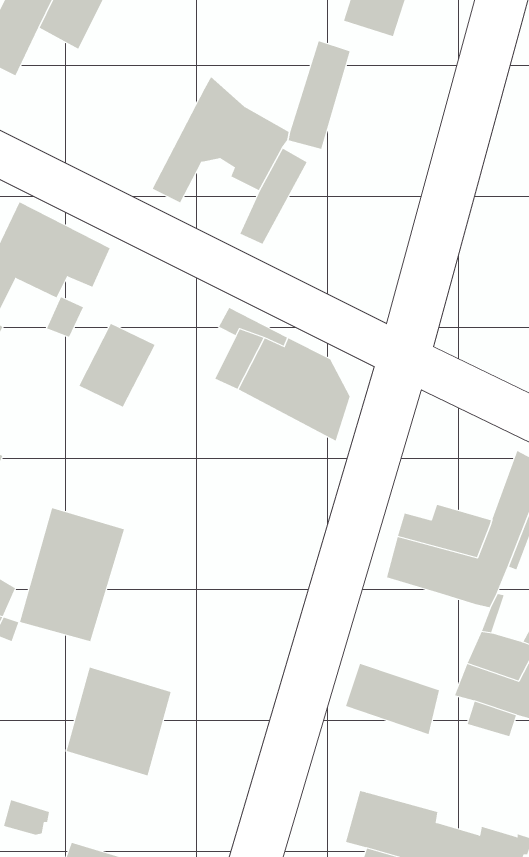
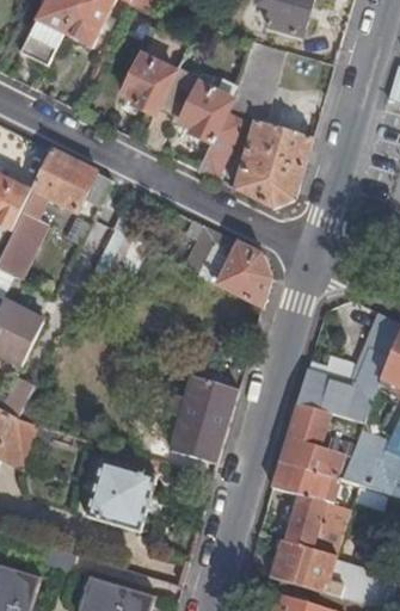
building: none -> [124,56,176,112]
building: none -> [235,122,314,208]
building: [19,508,125,642] -> [170,374,240,463]
building: none -> [279,399,344,475]
building: none -> [265,485,347,555]

